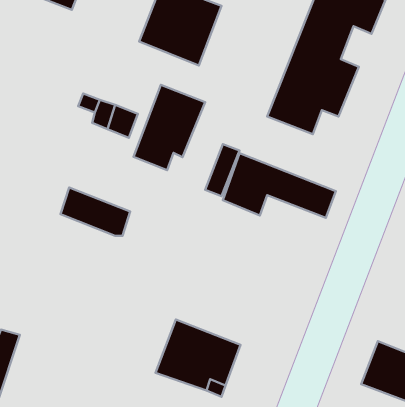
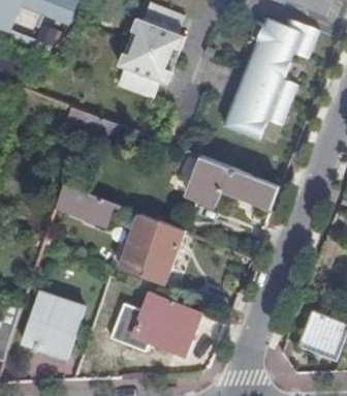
building: [134,85,205,170] -> none
building: none -> [117,215,183,284]
building: none -> [21,293,83,358]

